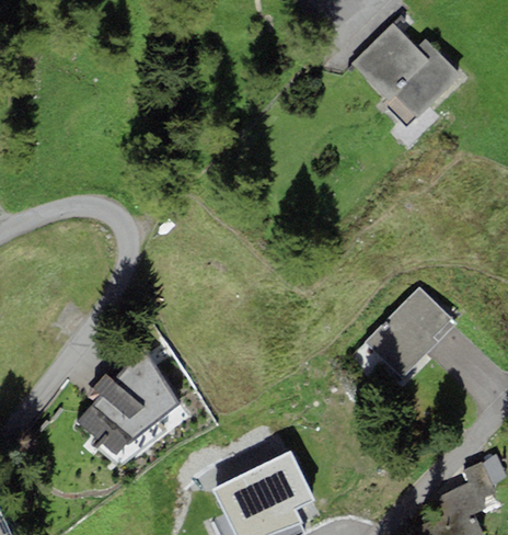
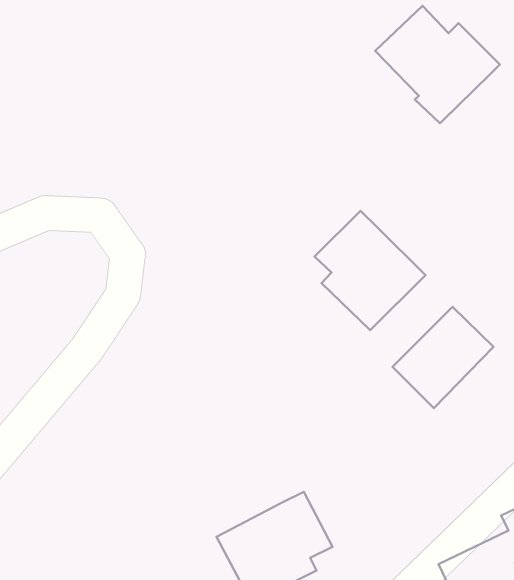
building: none -> [315,211,426,330]
building: [78,351,177,454] -> none

